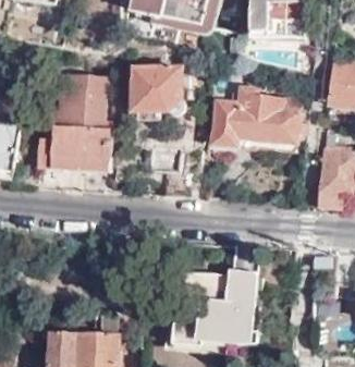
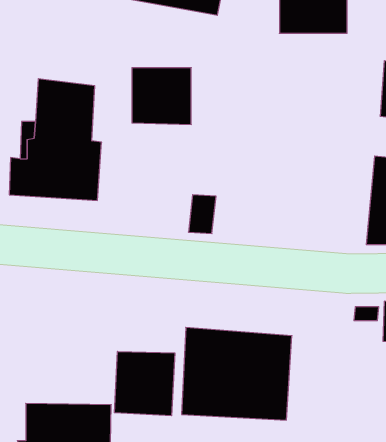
building: [213,86,307,146] -> none
building: none -> [114,351,175,416]

